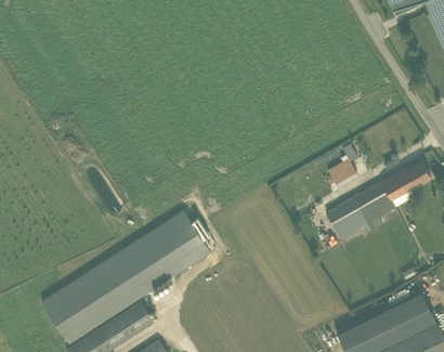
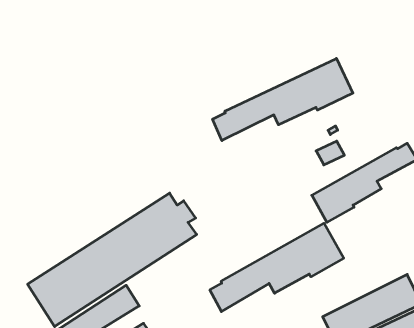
building: none -> [213,58,353,141]
building: none -> [210,223,344,312]

